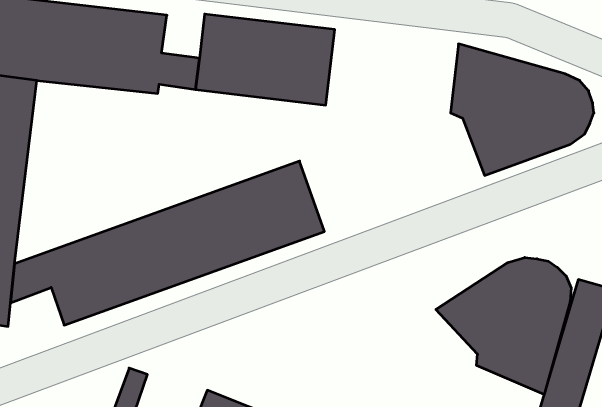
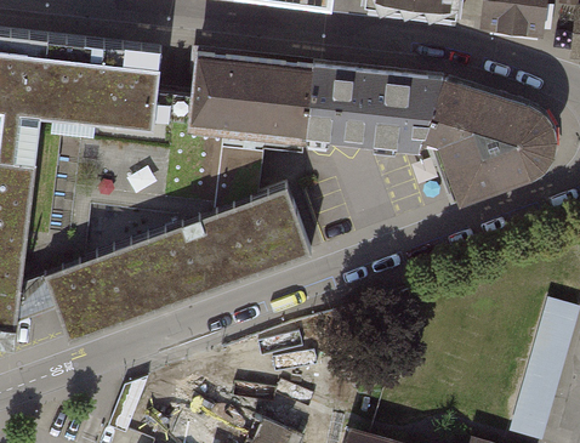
building: none -> [312,66,436,149]
building: [436,257,571,394] -> none

